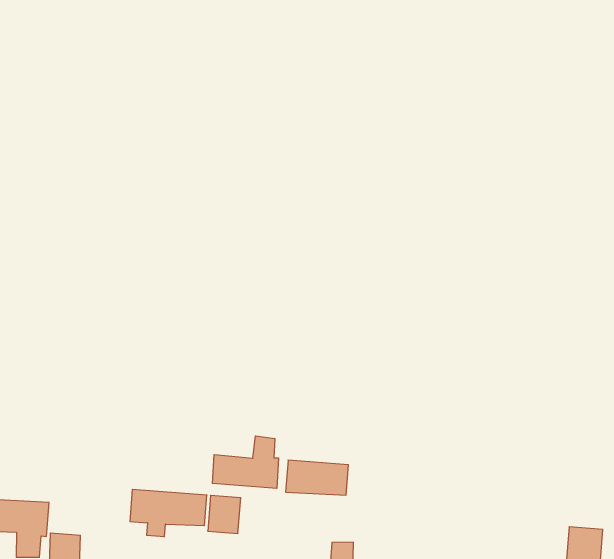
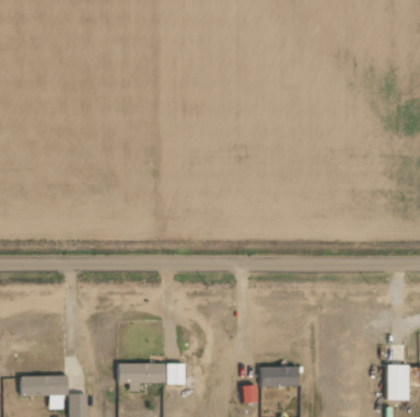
building: [212,436,278,488] -> none
building: [286,460,348,495] -> [261,367,299,386]

